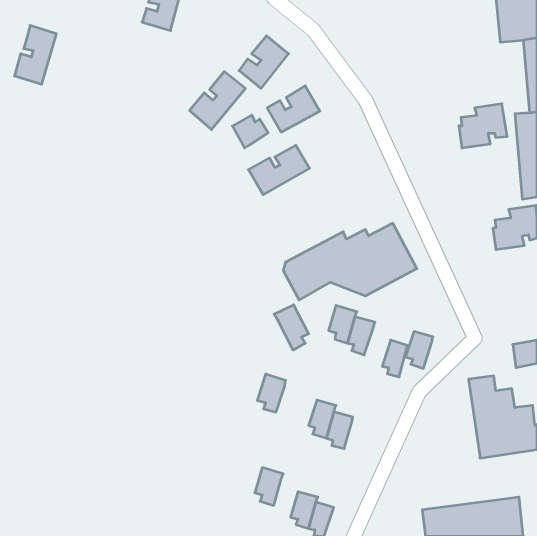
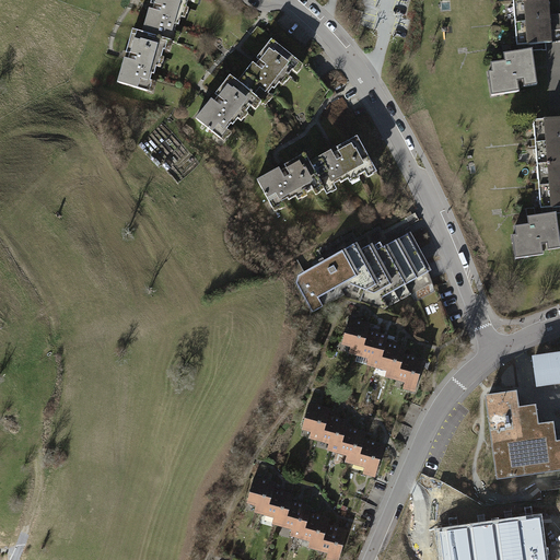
building: [14,25,56,84] -> [118,27,162,89]
building: [267,86,320,132] -> [322,132,376,180]
building: [459,104,507,148] -> [488,49,538,95]
building: [232,115,268,148] -> none
building: [274,305,309,350] -> none
building: [405,332,433,368] -> [378,342,407,381]
building: [257,374,286,412] -> [301,402,330,442]
building: none -> [358,439,384,477]
building: none -> [245,472,275,512]
building: none -> [284,498,312,537]

